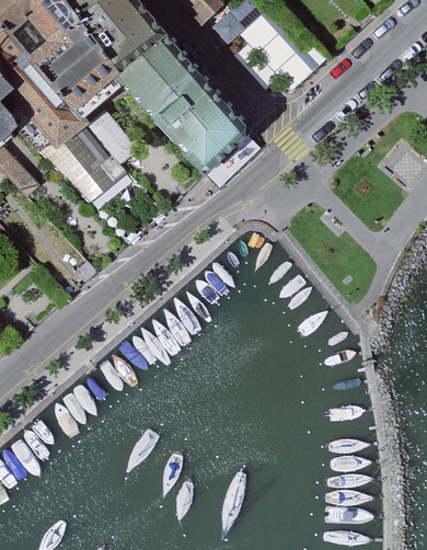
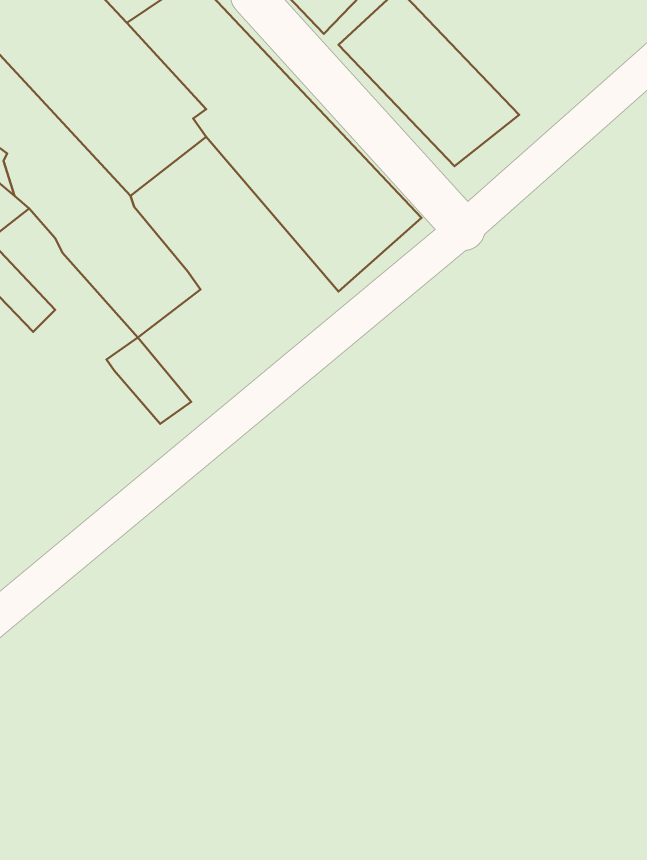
building: [85,111,136,162] -> [107,337,191,424]

